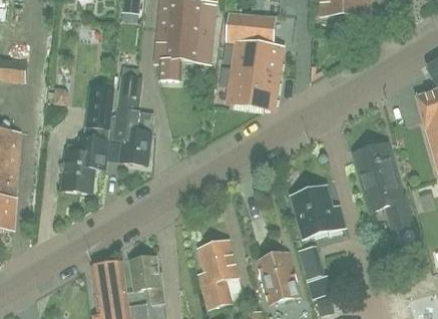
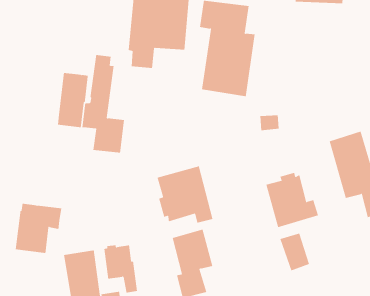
building: [60,142,107,193] -> [15,203,62,254]
building: none -> [157,165,213,223]
building: [258,252,300,302] -> none

